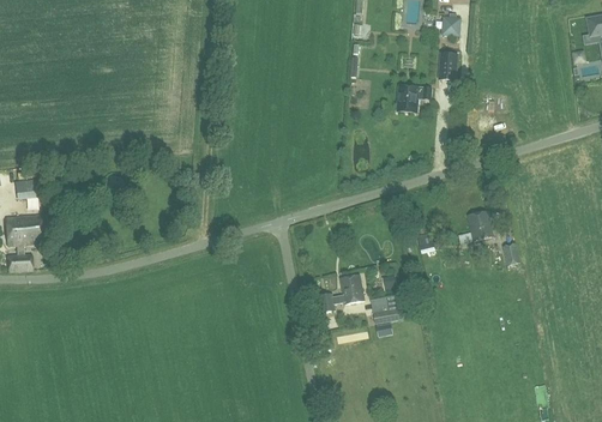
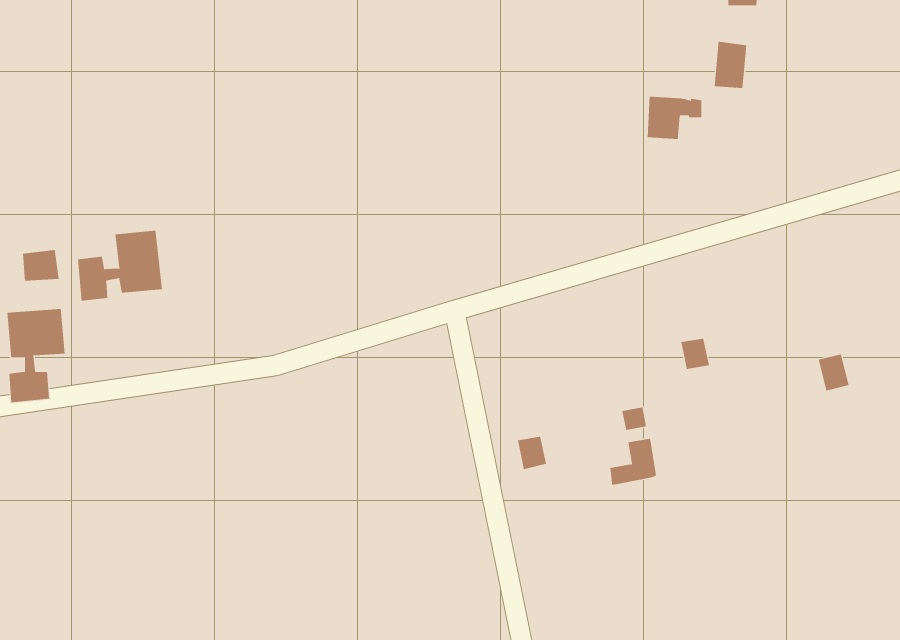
building: none -> [77,230,162,302]
building: [466,210,492,240] -> none
building: [332,275,363,303] -> none

